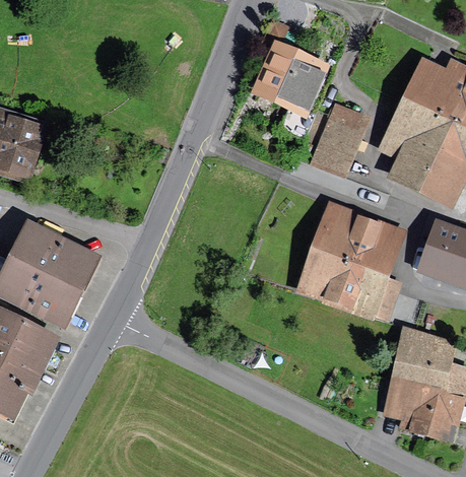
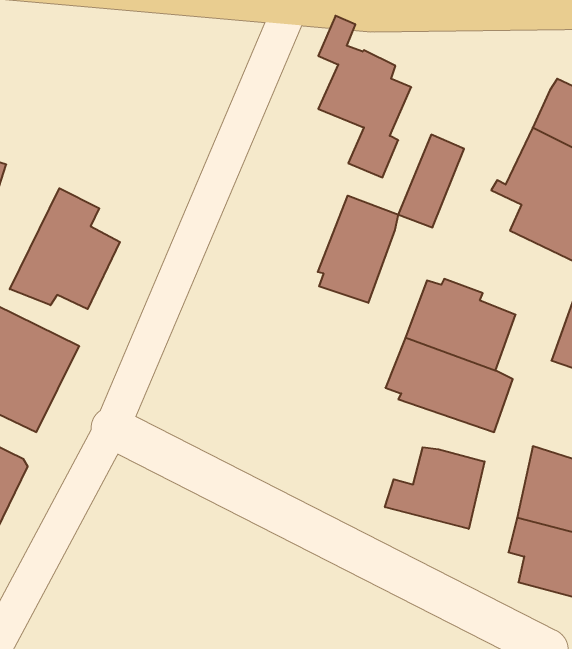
building: none -> [10,188,120,309]
building: none -> [318,196,398,303]
building: none -> [385,447,485,529]

